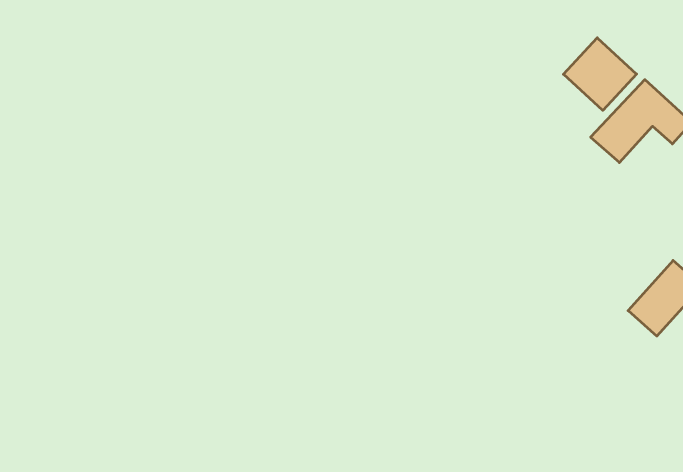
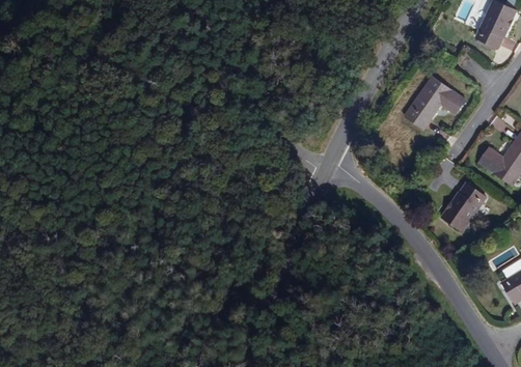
building: [563,38,637,110] -> none

